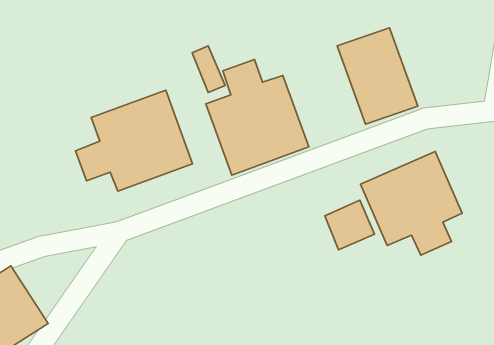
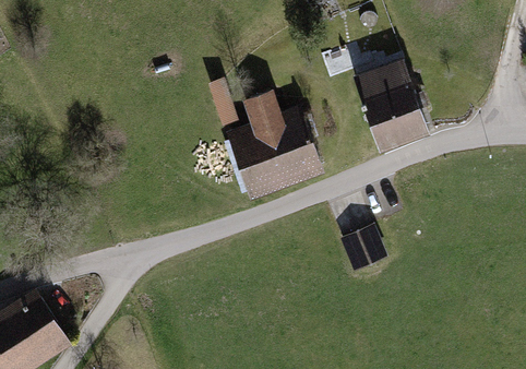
building: [75,90,192,191] -> none
building: [360,152,462,255] -> none

